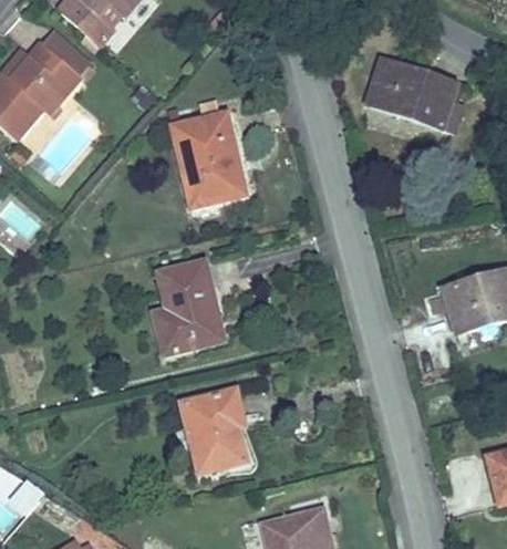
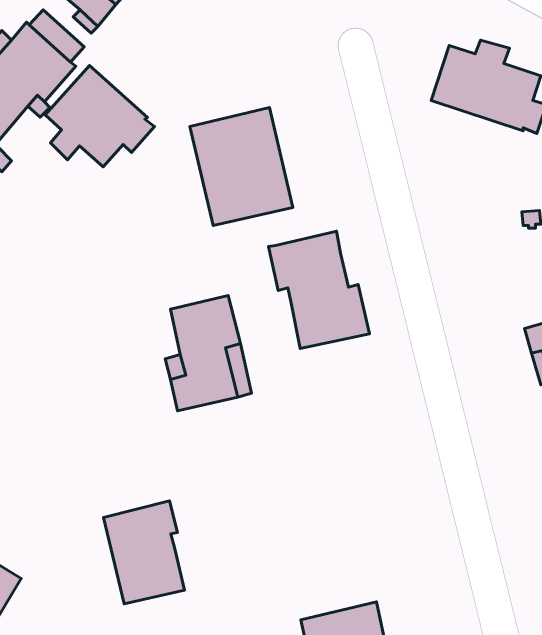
building: none -> [45,65,155,167]
building: none -> [268,231,369,349]
building: [182,389,247,472] -> [104,501,184,604]

